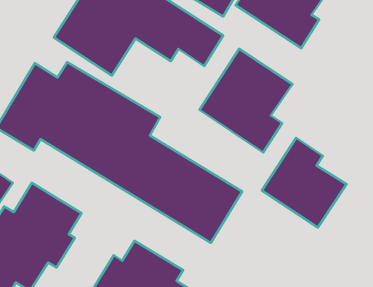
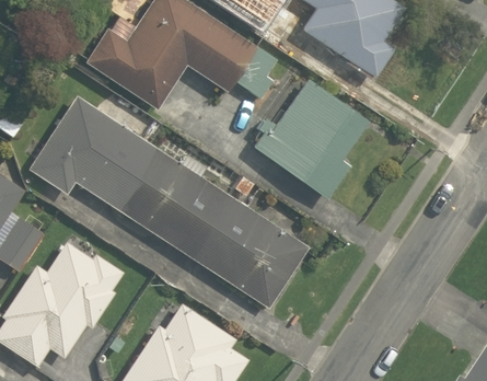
building: [262,138,346,227] -> none

